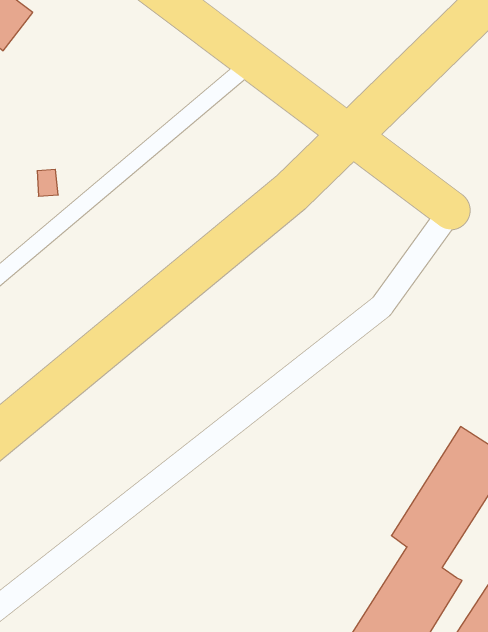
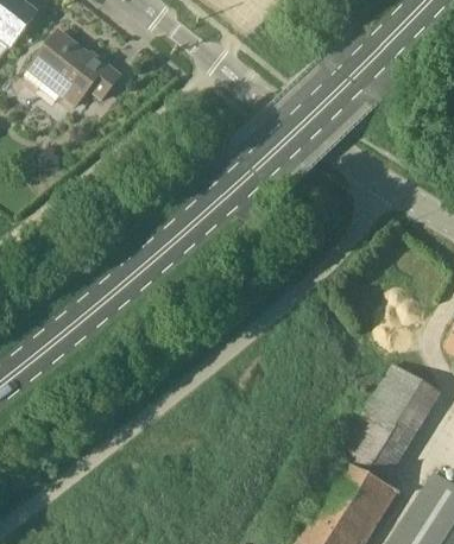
building: none -> [29,34,121,109]

